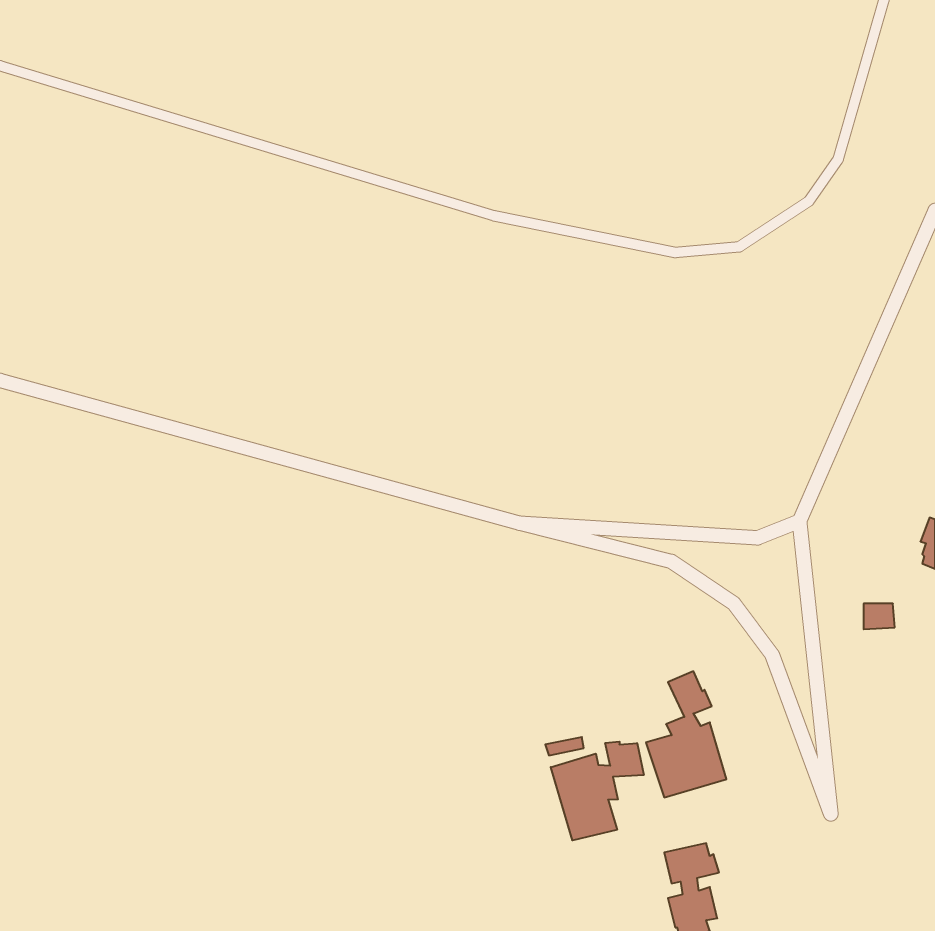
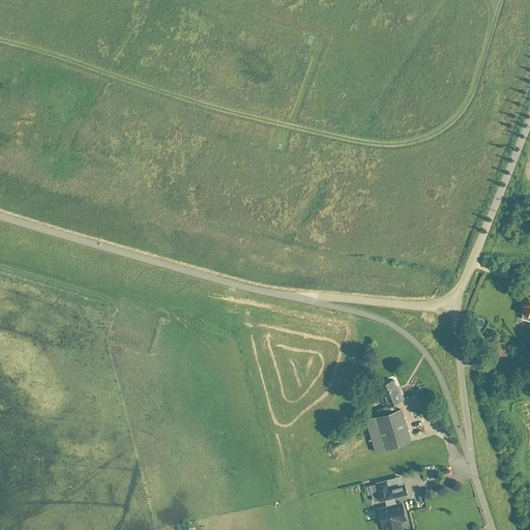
building: [551,742,644,840] -> none

